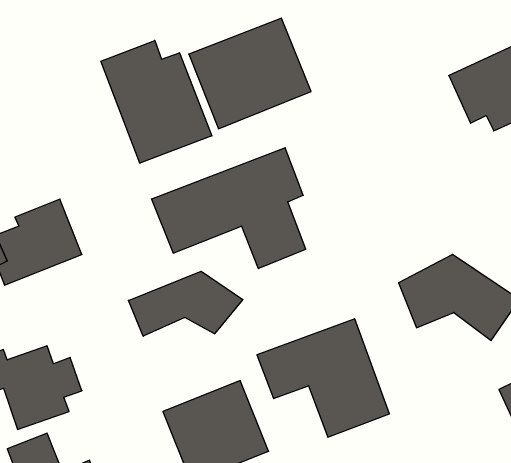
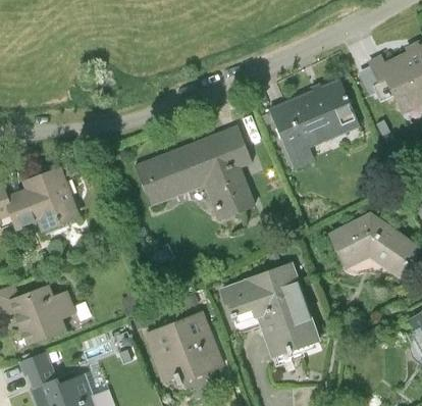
building: [189,18,311,129] -> [266,81,363,168]
building: [101,40,212,163] -> none
building: [128,271,243,336] -> none

